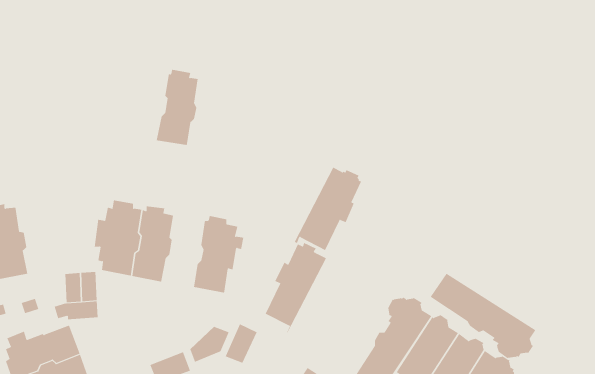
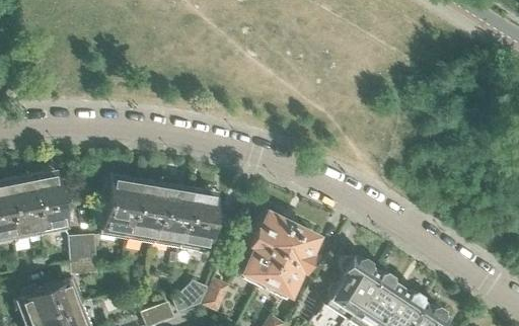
building: [156,69,198,146] -> [153,184,189,248]
building: [294,167,362,251] -> [258,224,315,294]
building: none -> [31,173,68,237]
building: [430,273,536,359] -> none

